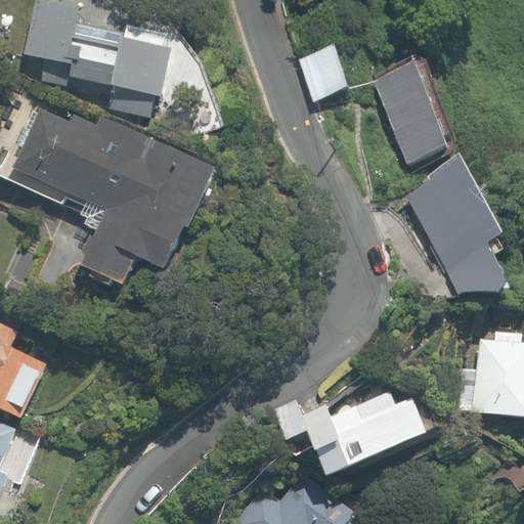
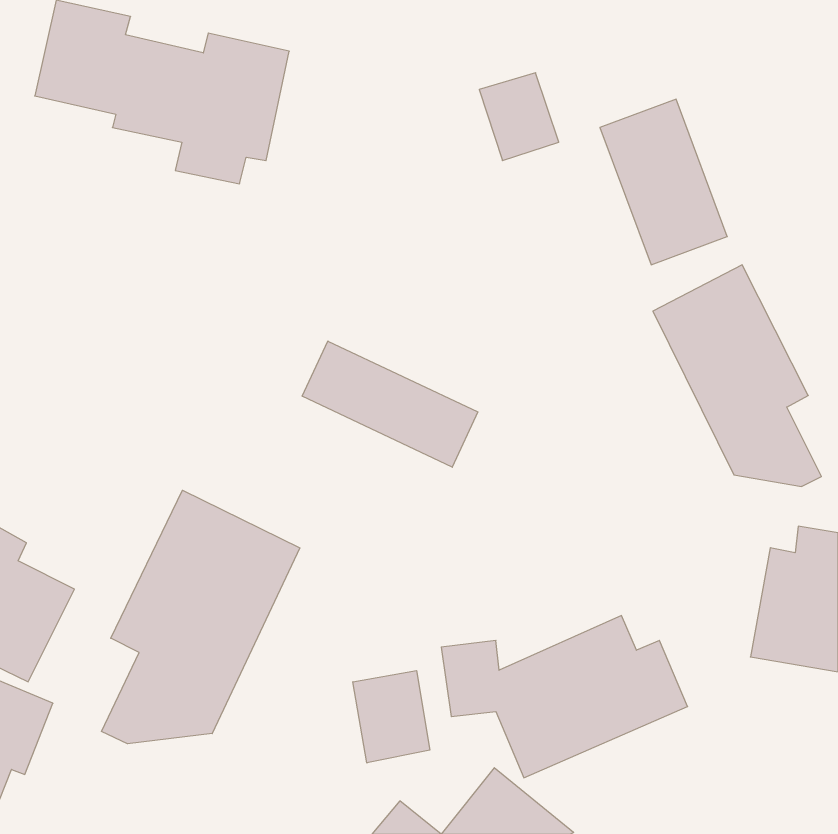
building: [16,106,219,290] -> none
building: none -> [302,341,478,467]
building: none -> [102,490,300,744]
building: none -> [353,671,430,763]

